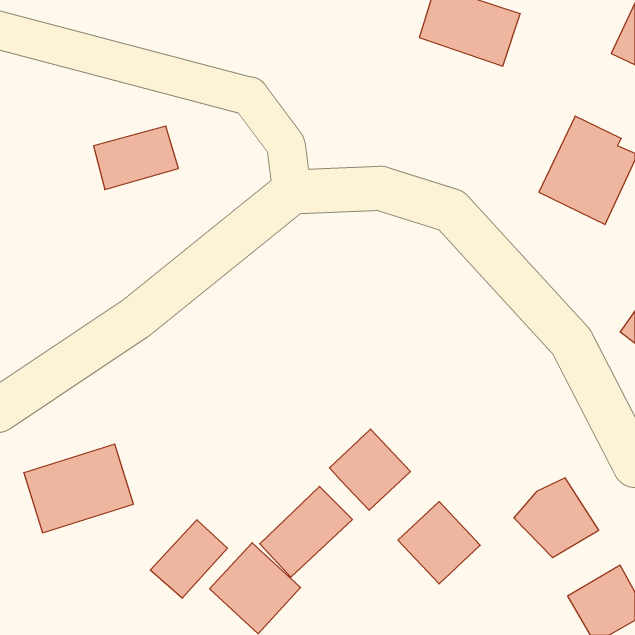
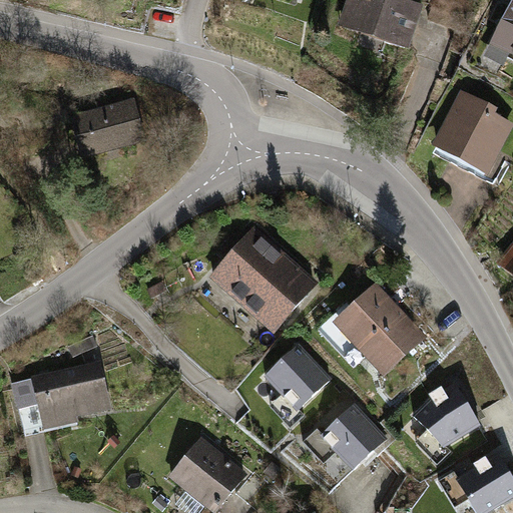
building: none -> [214,229,312,326]
building: none -> [334,282,436,383]
building: [260,486,352,577] -> none
building: [150,520,227,598] -> none

